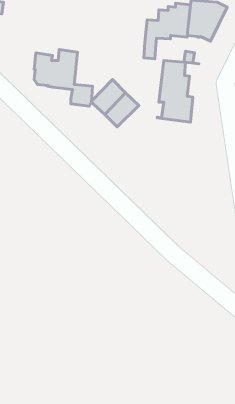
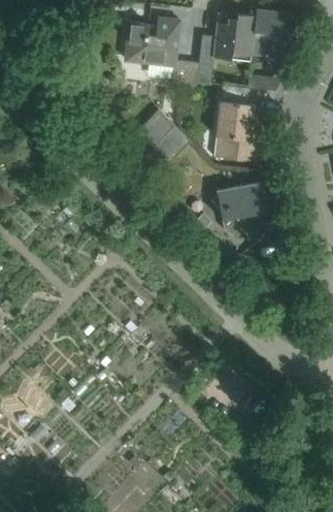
building: [34,50,92,106] -> [127,17,199,87]
building: none -> [212,182,270,243]

